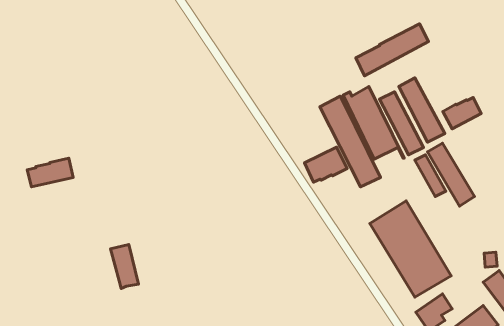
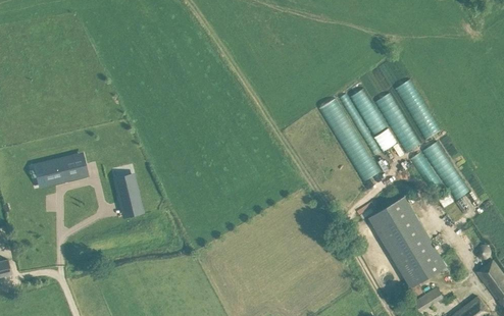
building: [356,24,429,76] -> none
building: [443,98,481,129] -> none
building: [304,147,347,182] -> none
building: [111,245,138,288] -> [114,174,141,216]

